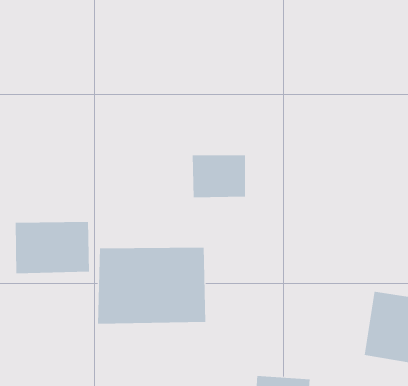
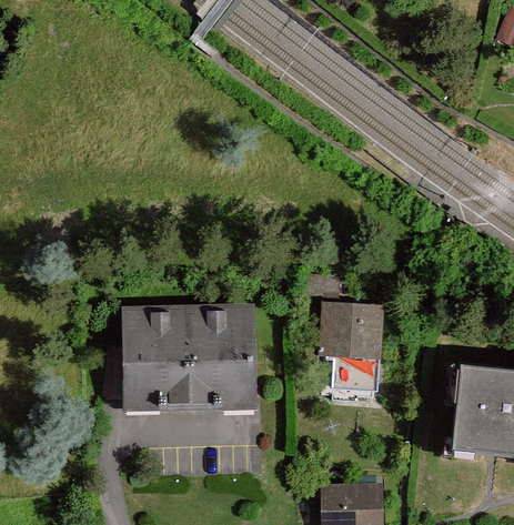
building: [192,155,246,198] -> [313,300,379,352]
building: [15,221,89,274] -> none

